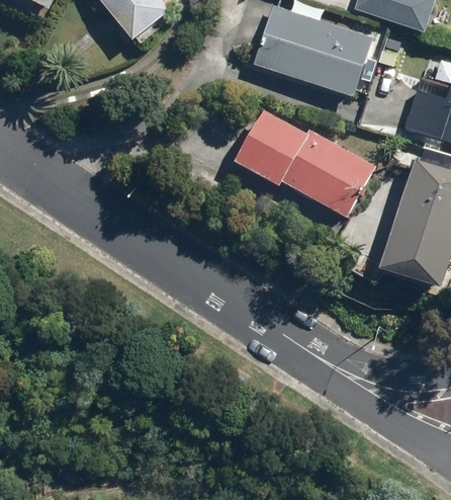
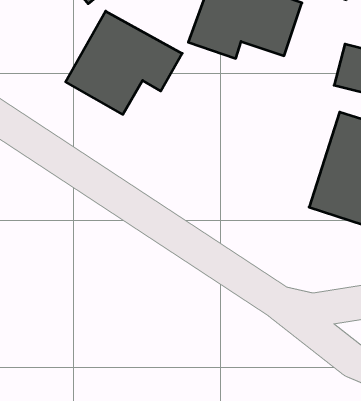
building: none -> [66,11,182,114]
building: [233,108,376,218] -> none

